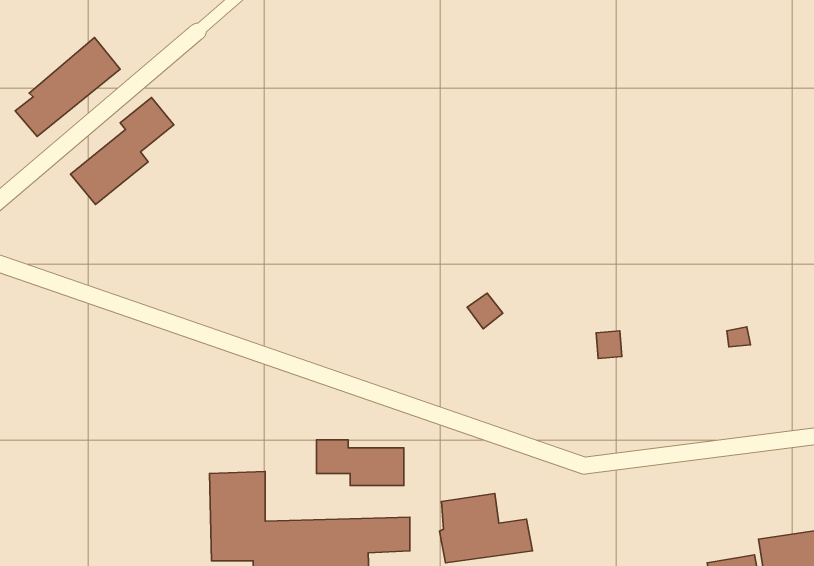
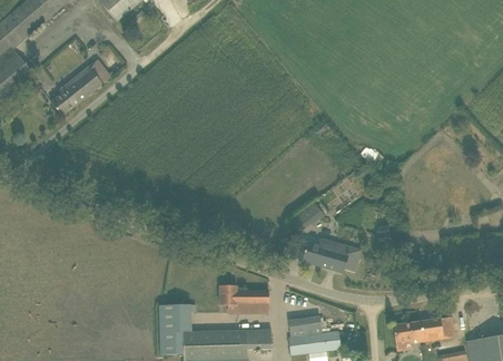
building: [70,98,174,205] -> none
building: none -> [302,236,362,272]
building: none -> [393,315,455,350]

